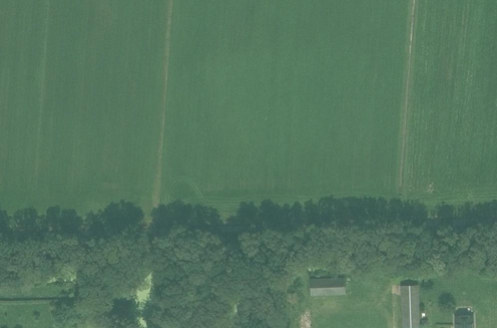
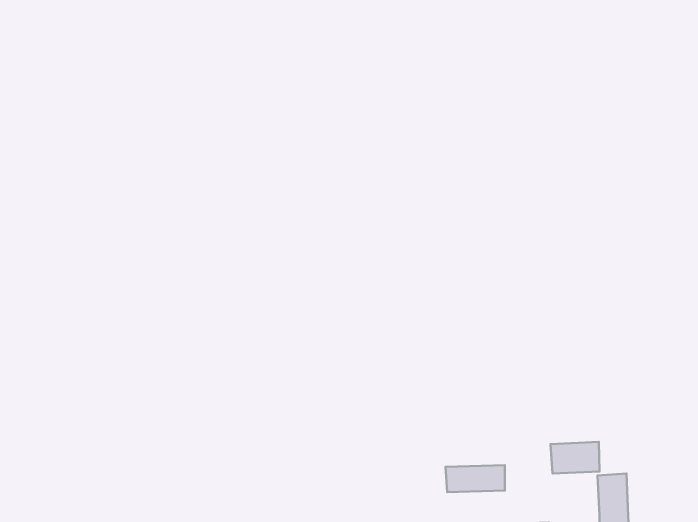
building: none -> [551,442,599,474]

